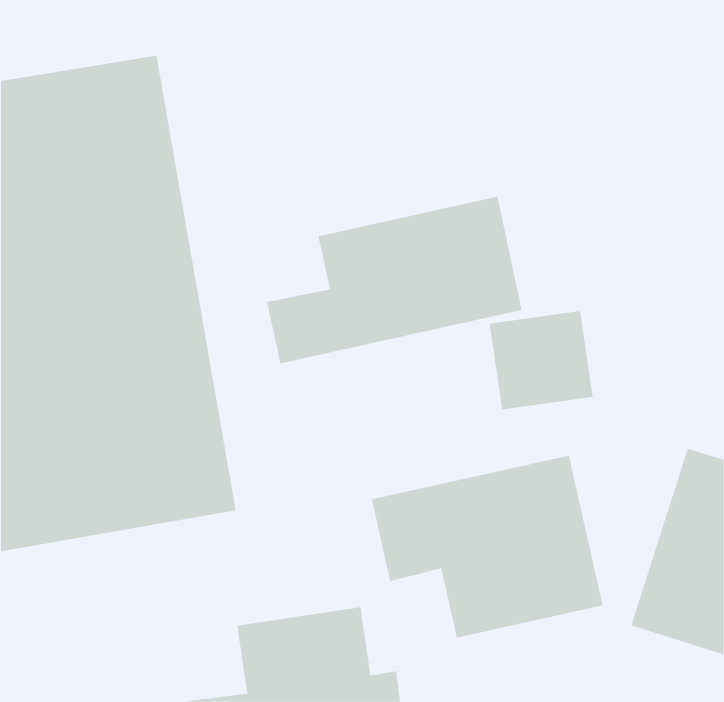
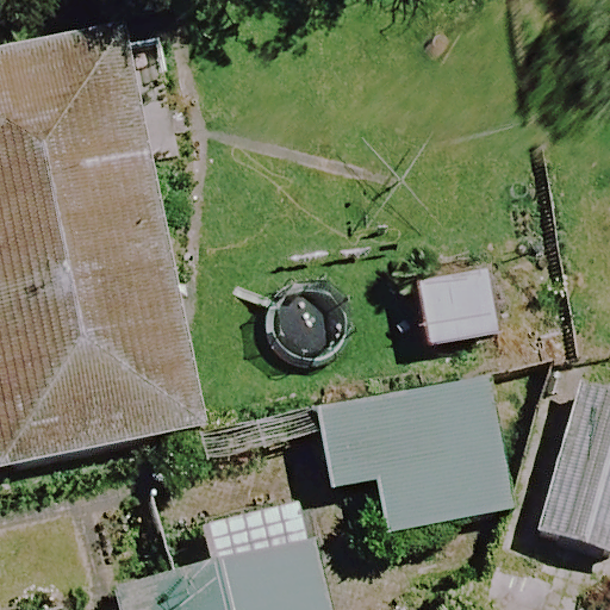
building: [266,196,522,364] -> none

